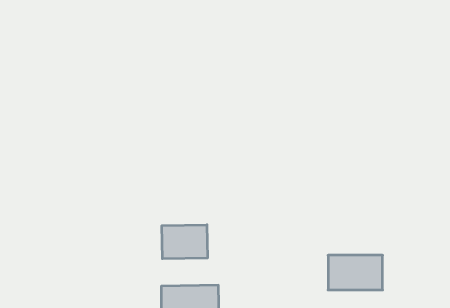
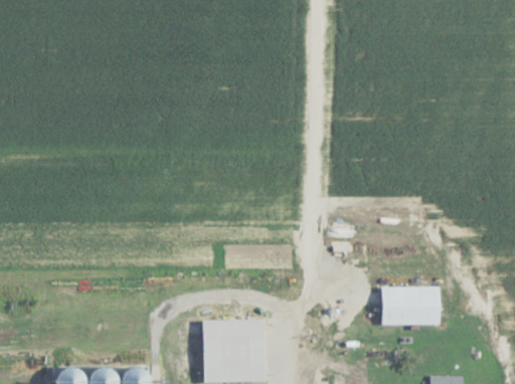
building: [162,225,207,259] -> none

